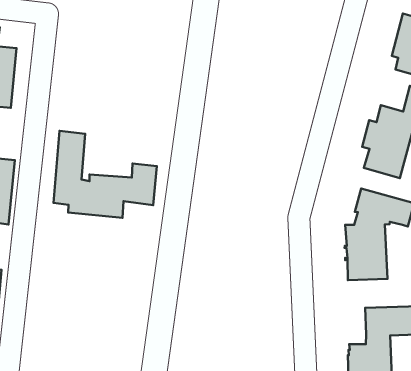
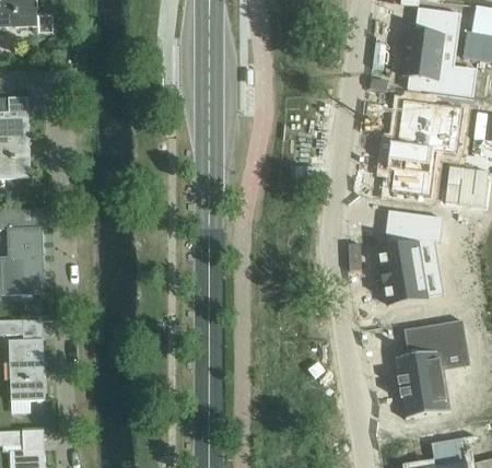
building: [54,131,157,218] -> none

